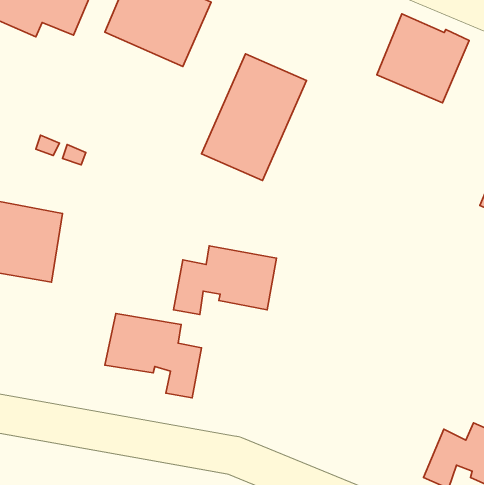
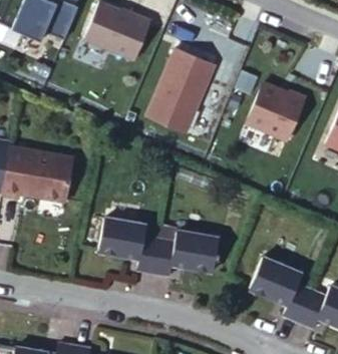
building: [377,14,469,103] -> [252,86,311,143]
building: [173,246,277,314] -> [147,231,214,275]
building: none -> [246,258,309,323]

